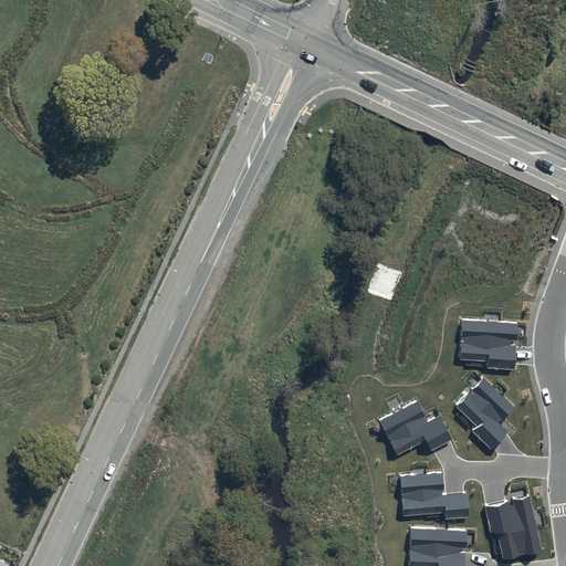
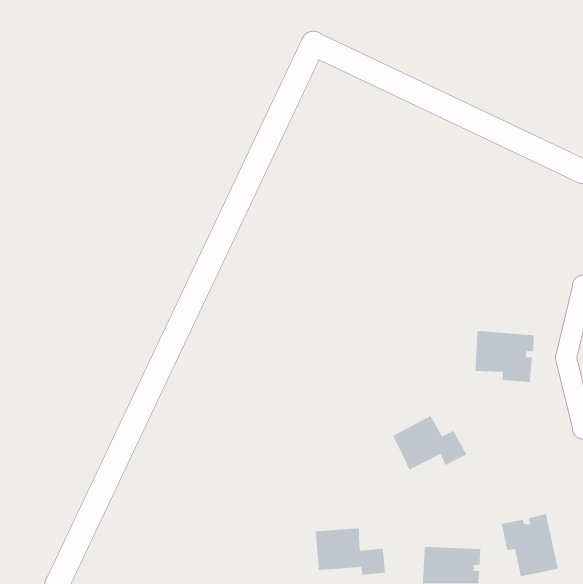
building: [455,378,515,449] -> none
building: [399,473,468,520] -> [315,527,386,575]

